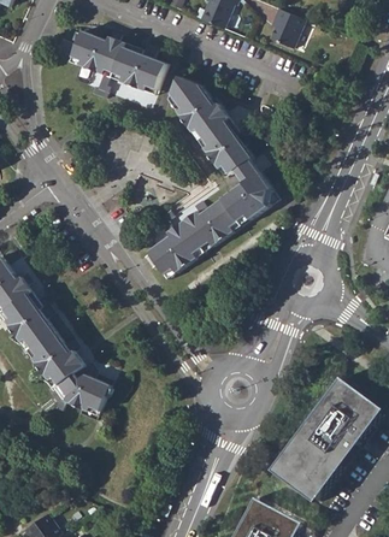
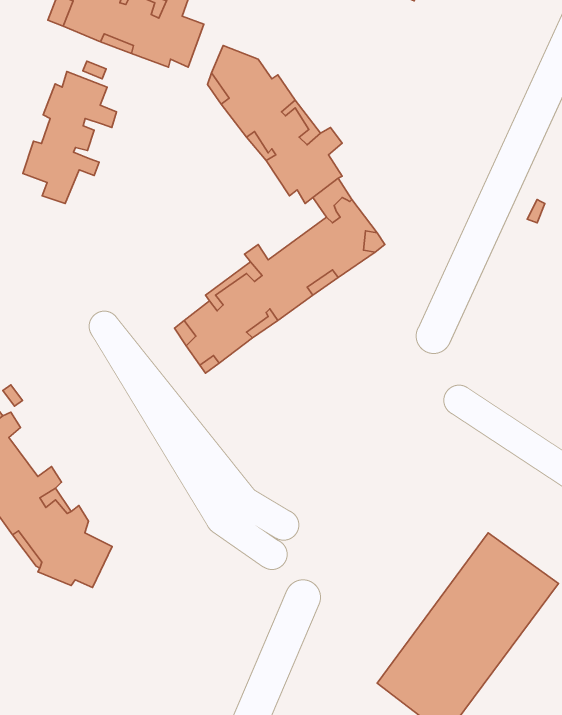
building: none -> [23,72,117,203]

